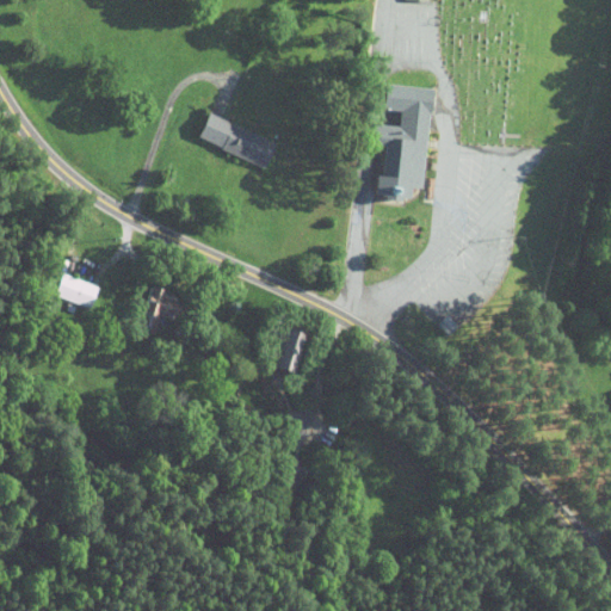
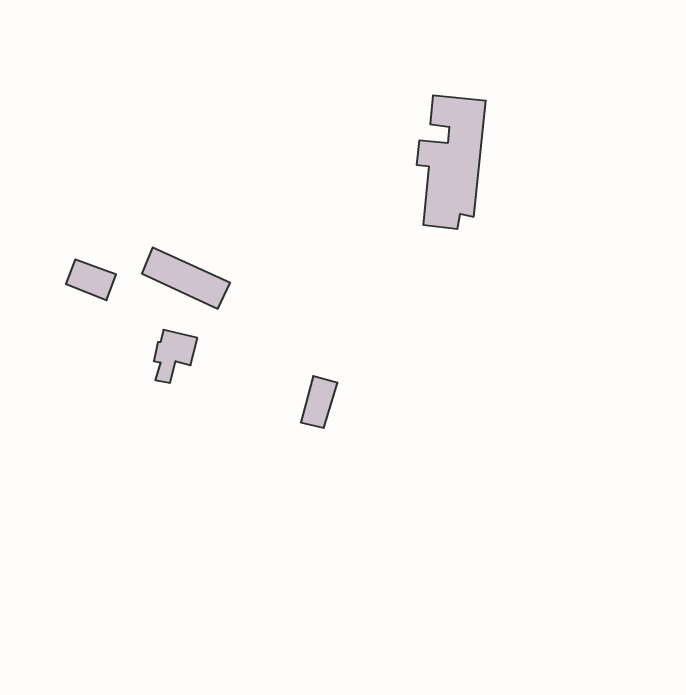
building: [204,115,282,168] -> [142,247,230,309]
building: [58,273,103,309] -> [66,259,116,300]

